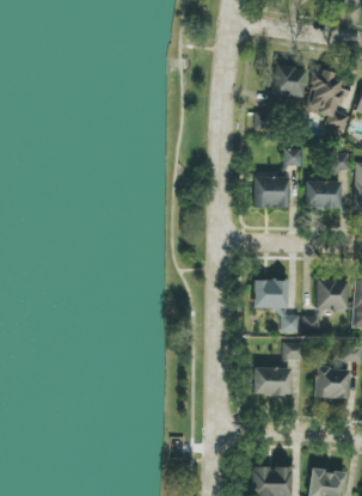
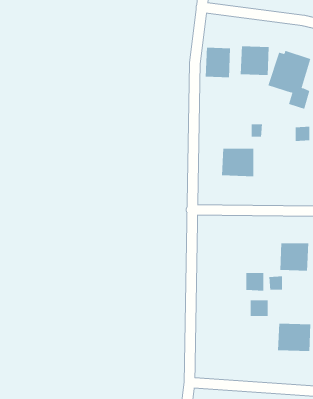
building: none -> [205,47,231,78]
building: [306,180,342,209] -> none
building: [253,280,289,308] -> none
building: [253,367,292,396] -> none

